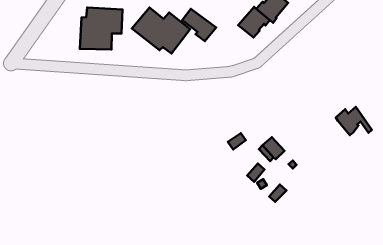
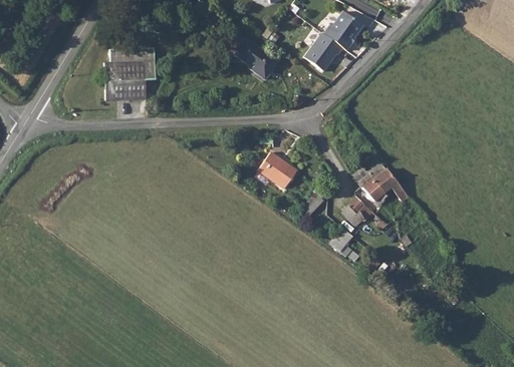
building: [132,7,190,54] -> none
building: none -> [258,152,299,189]
building: [336,107,372,135] -> [359,165,406,202]

